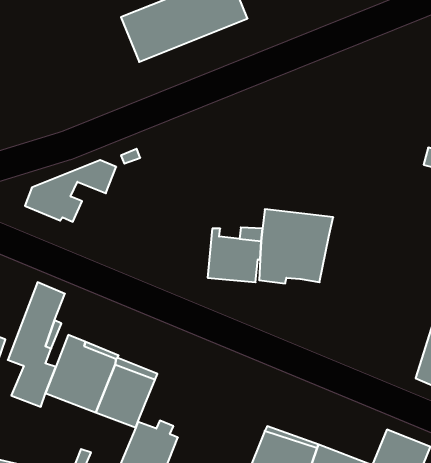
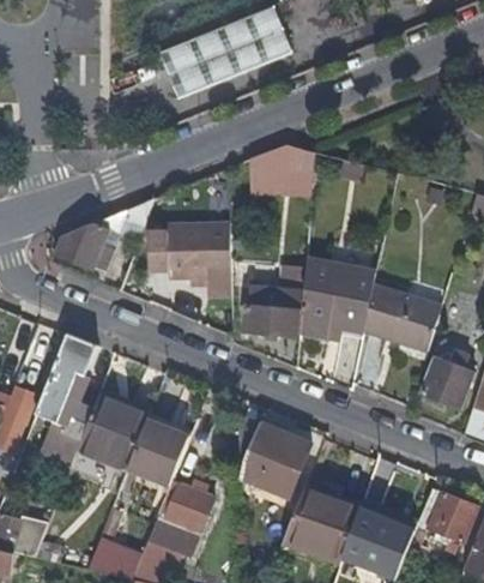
building: none -> [252,143,314,191]
building: none -> [169,224,231,277]
building: none -> [363,287,441,354]
building: none -> [419,357,472,408]
building: none -> [237,414,311,497]

